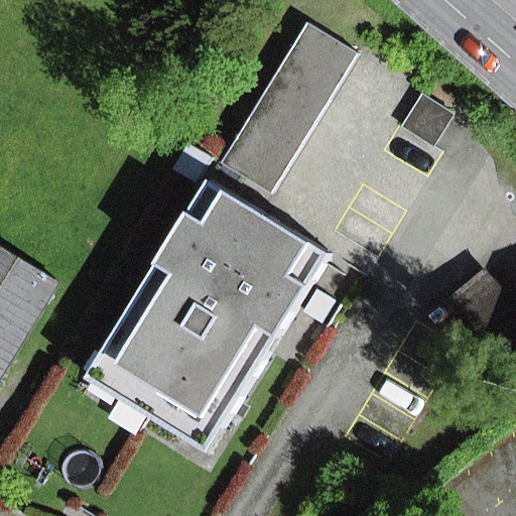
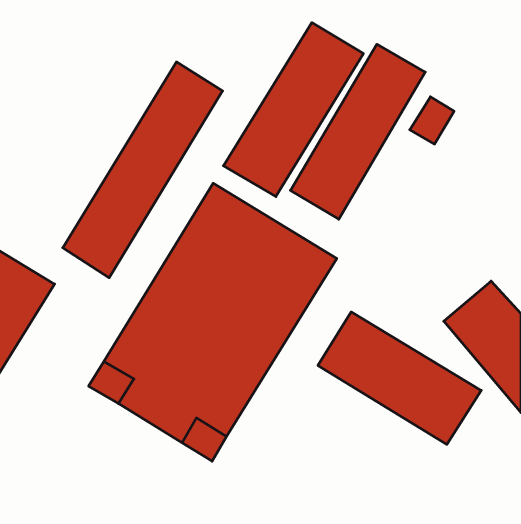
building: none -> [63,62,223,278]
building: none -> [318,312,481,444]

